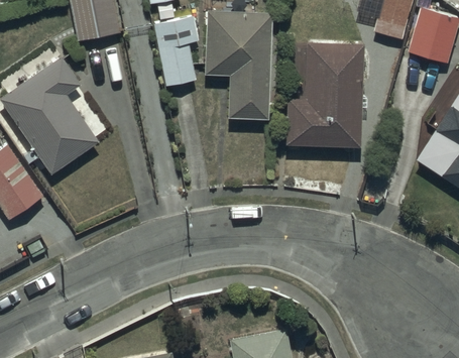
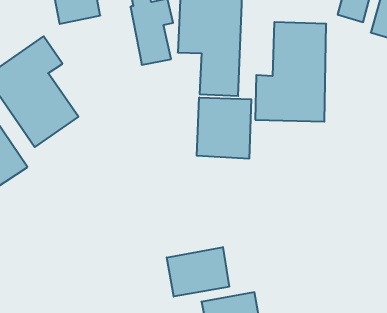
building: none -> [197,97,251,159]
building: none -> [167,247,229,297]

